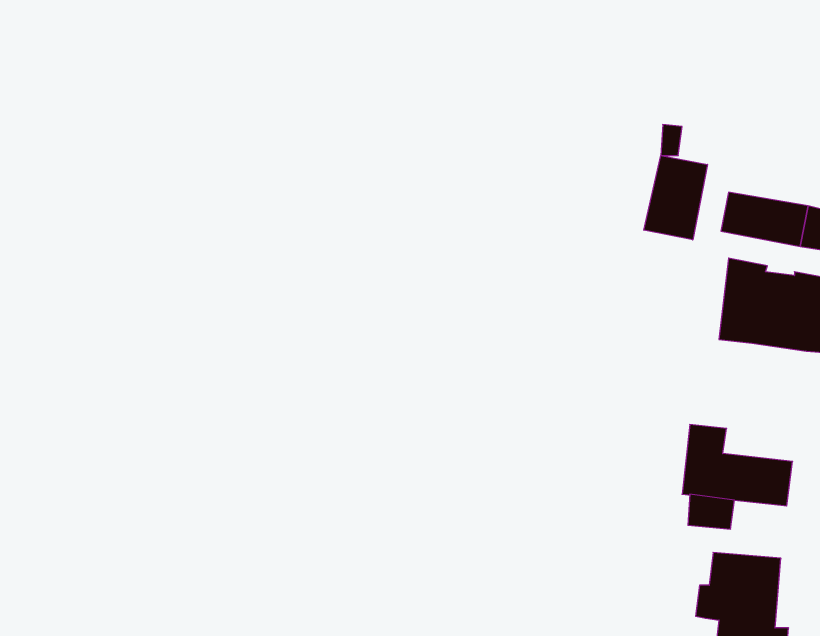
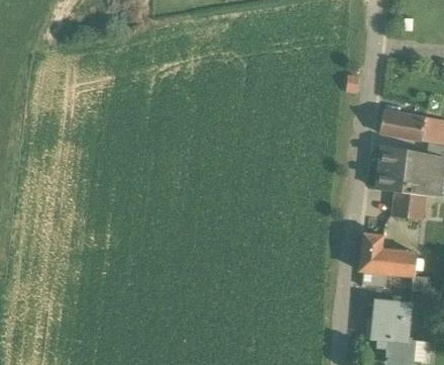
building: [644,156,707,240] -> none
building: none -> [393,191,424,219]

